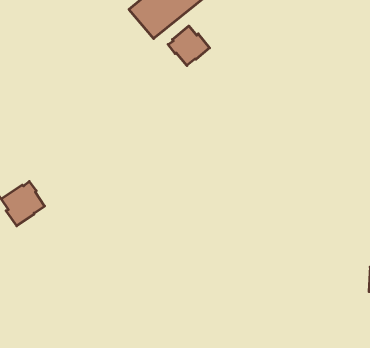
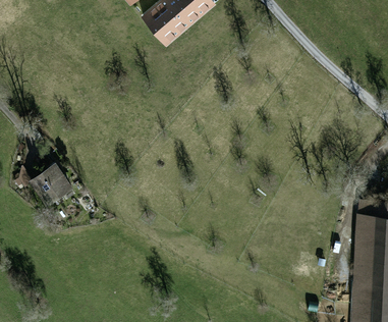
building: [168,26,210,66] -> none

